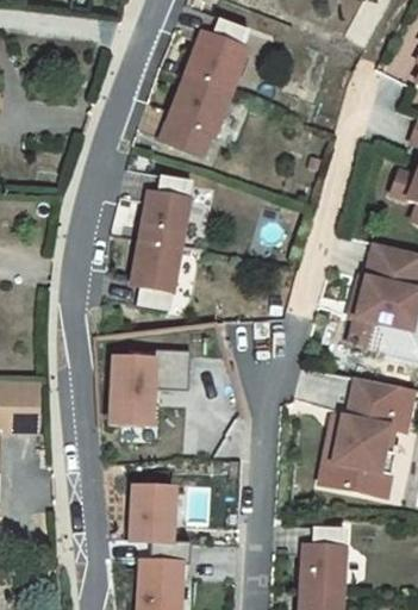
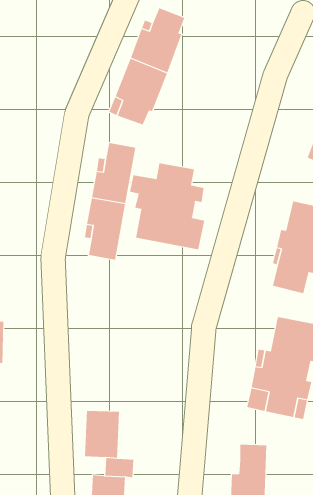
building: none -> [129,162,205,250]
building: [111,349,191,425] -> none

